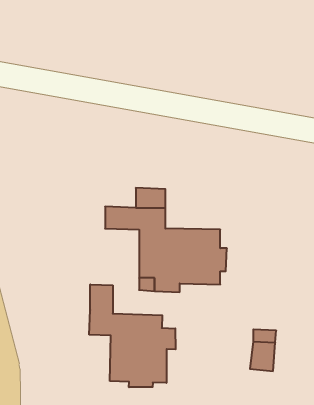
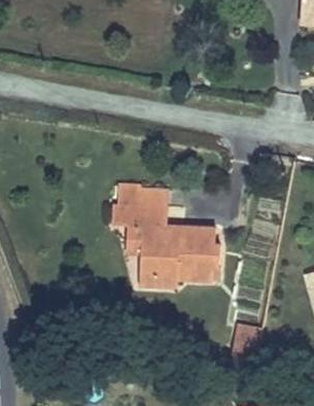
building: [89,284,176,387] -> none

